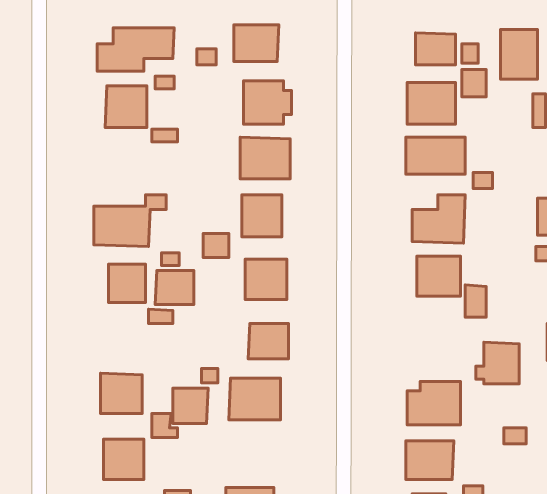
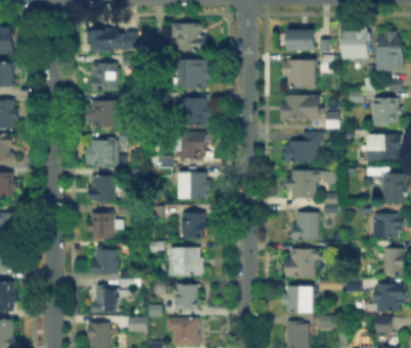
building: none -> [88,102,122,127]
building: [155,271,194,304] -> [88,214,112,236]
building: [476,342,519,384] -> [291,213,319,240]
building: [173,388,208,424] -> [176,286,198,308]

